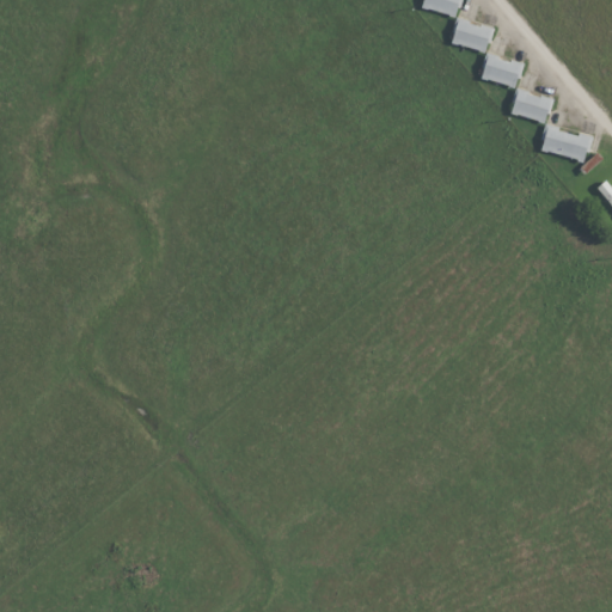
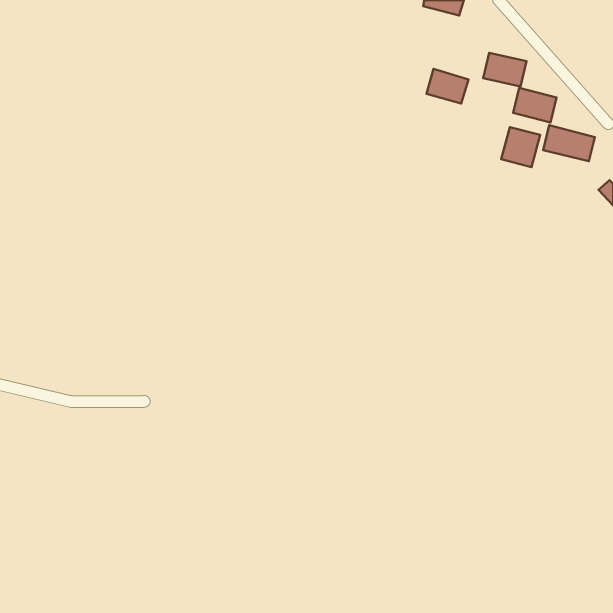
building: [452,18,494,53] -> [426,69,468,104]
building: none -> [501,127,540,167]

